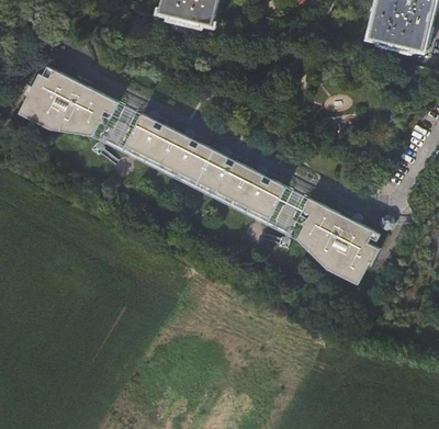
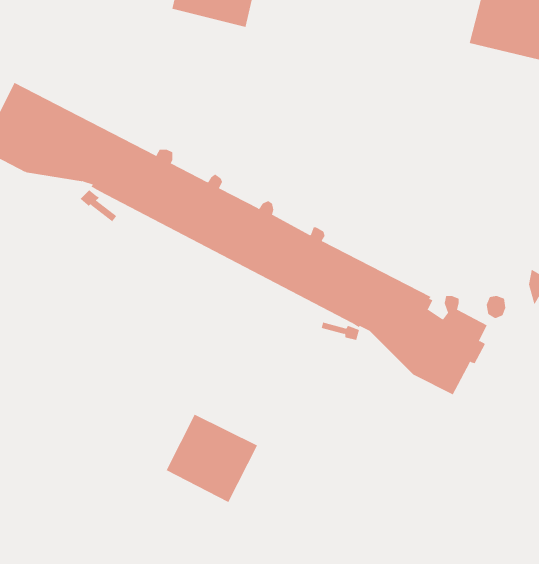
building: none -> [166,414,258,503]

